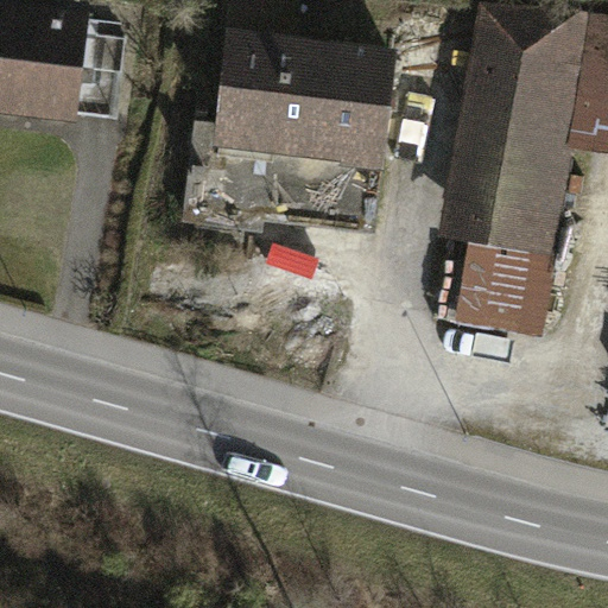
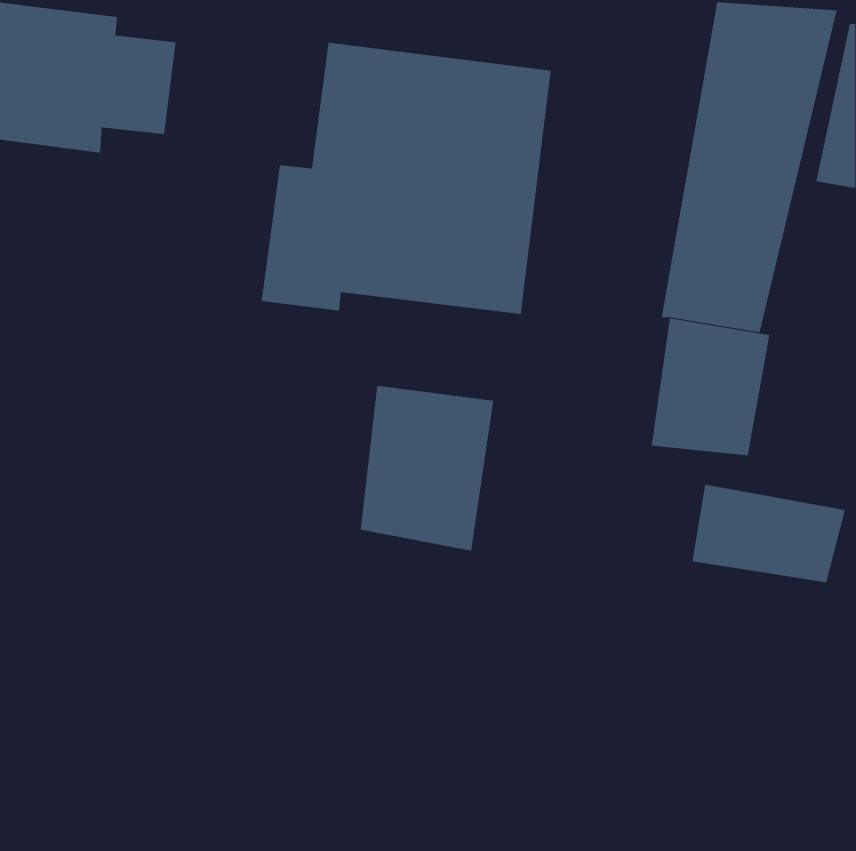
building: none -> [360,385,494,552]
building: none -> [692,484,846,583]

